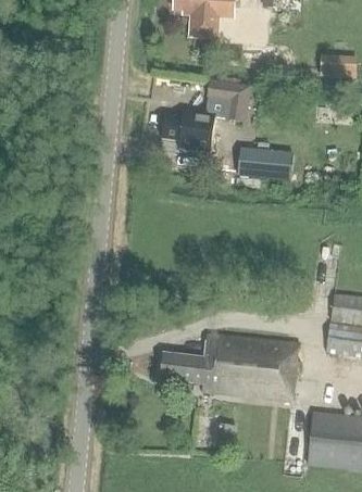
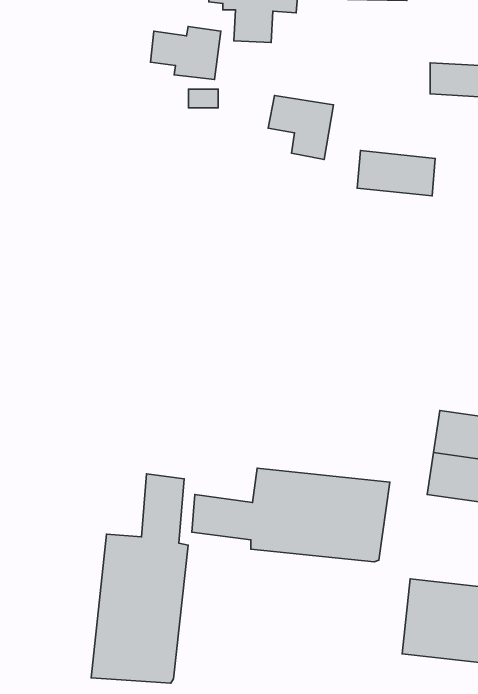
building: [163,112,212,149] -> [151,26,221,79]
building: [238,147,292,178] -> [357,151,435,196]
building: none -> [91,474,188,683]

